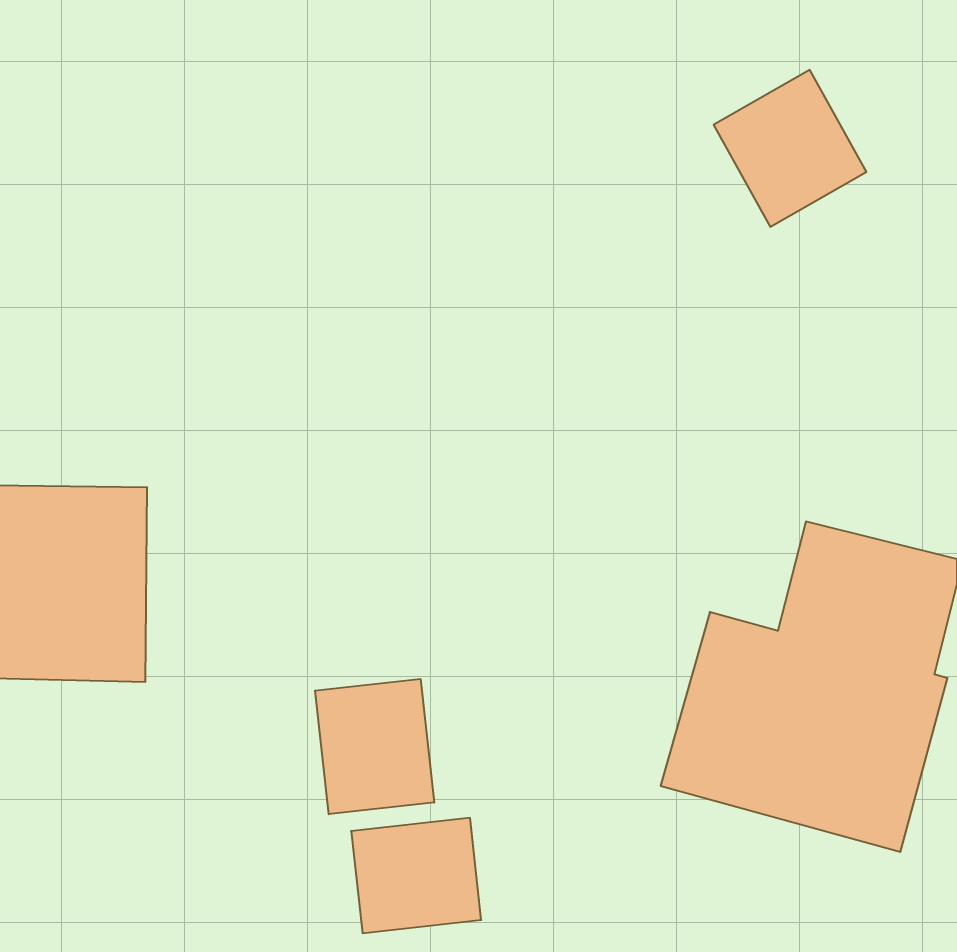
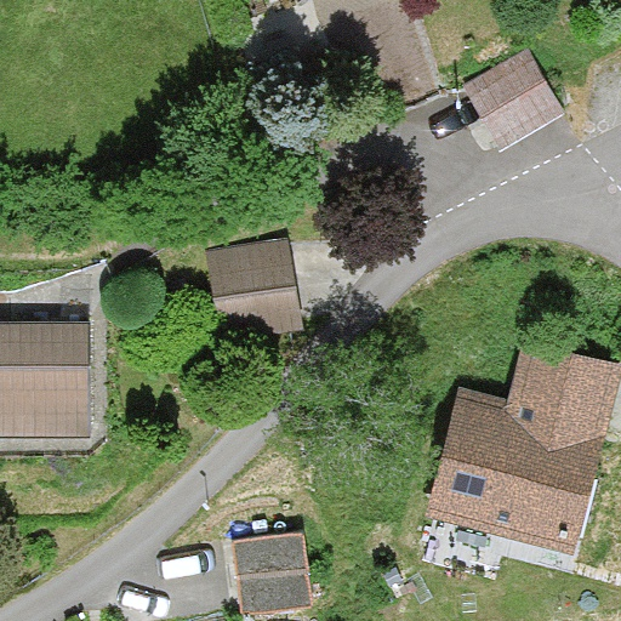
building: none -> [212,240,295,319]
building: [315,679,434,814] -> none

